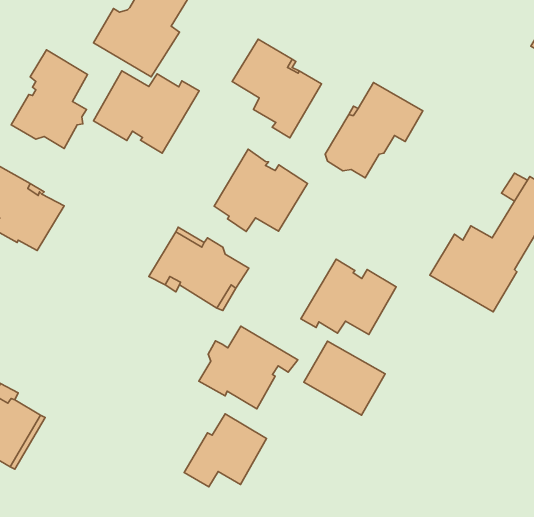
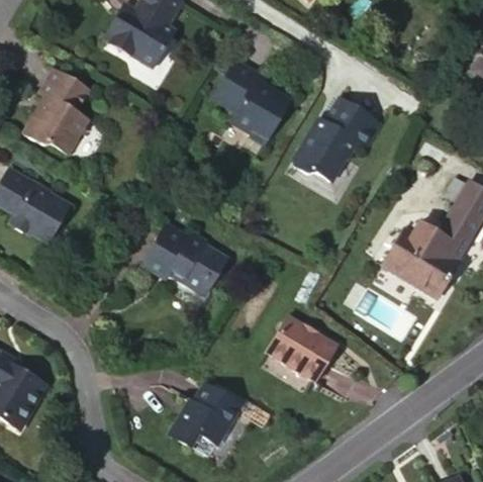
building: [94,71,199,153] -> none
building: [214,149,307,232] -> none
building: [301,259,396,334] -> none
building: [199,326,298,409] -> none

